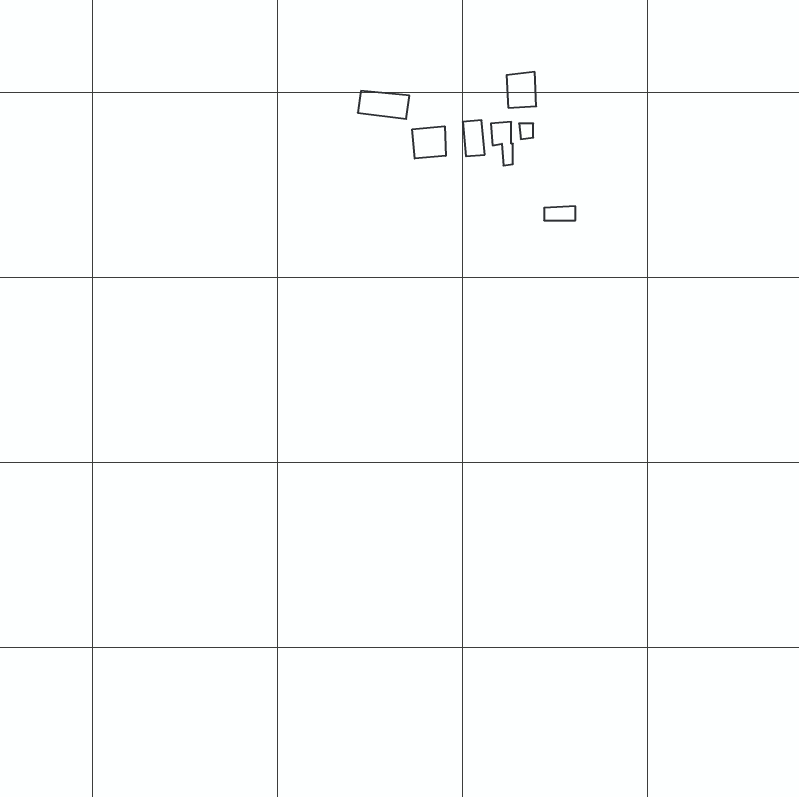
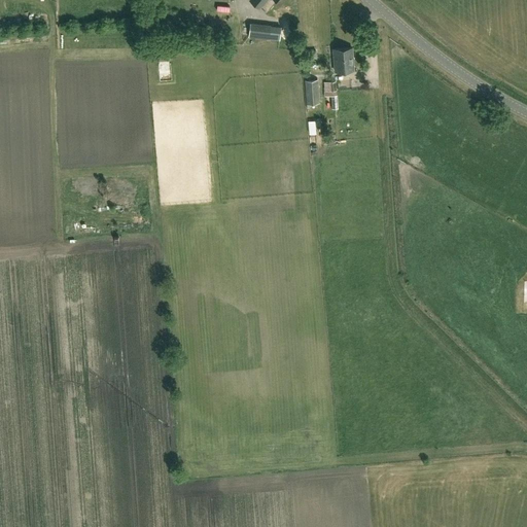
building: [358,91,409,119] -> [248,24,282,42]
building: [412,126,446,159] -> none

